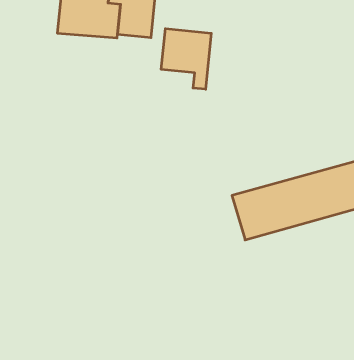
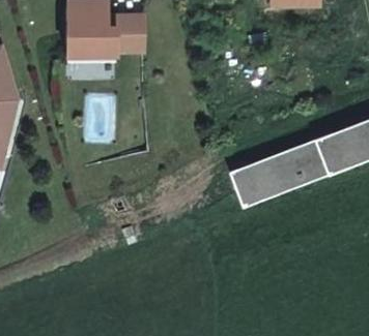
building: [161,29,211,89] -> none

